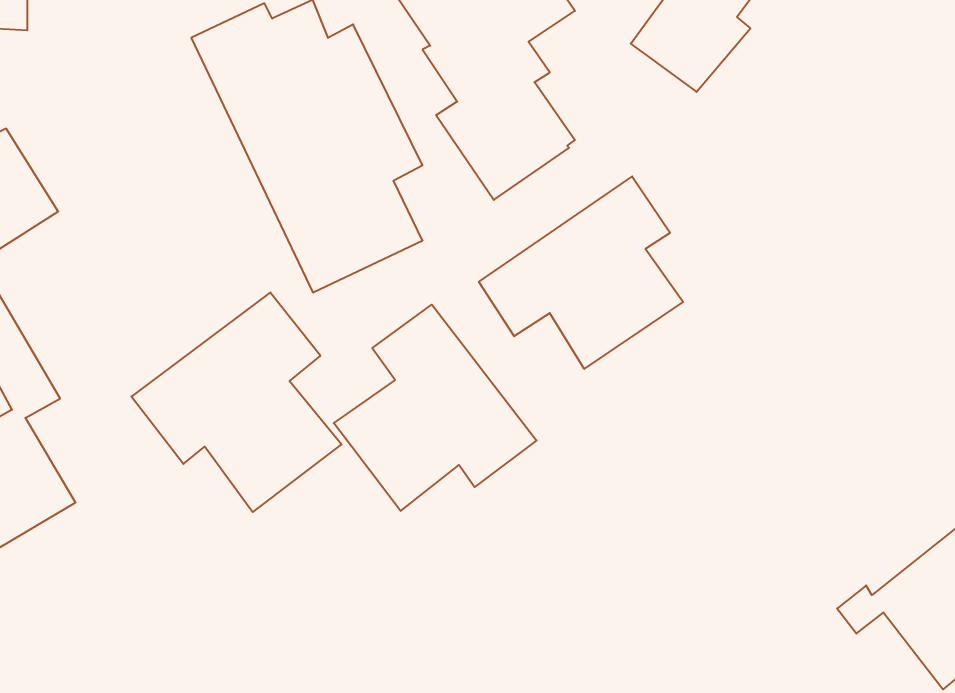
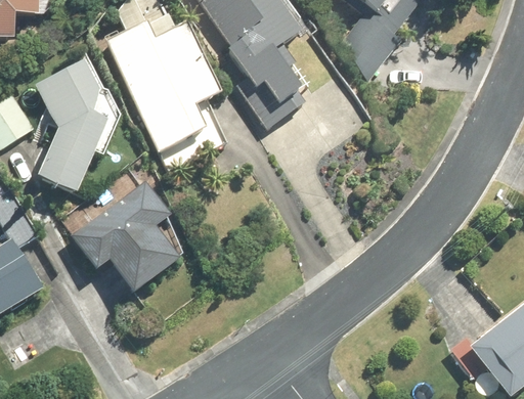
building: none -> [35,58,117,195]
building: [479,176,683,369] -> none
building: [334,305,537,511] -> none

